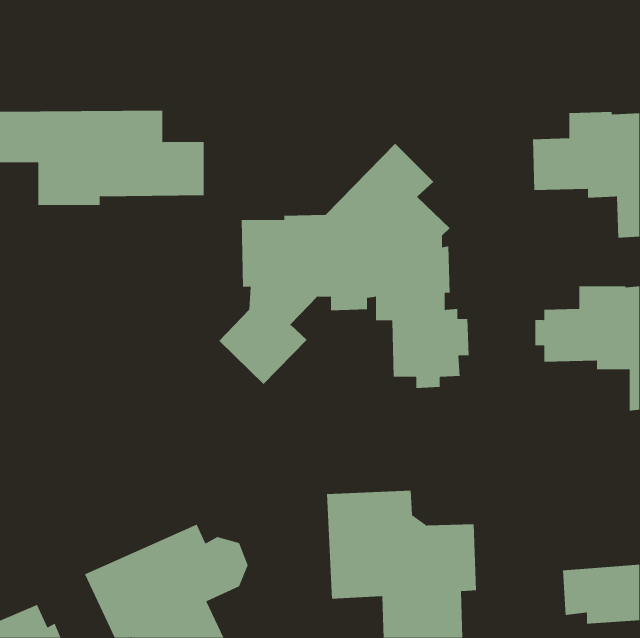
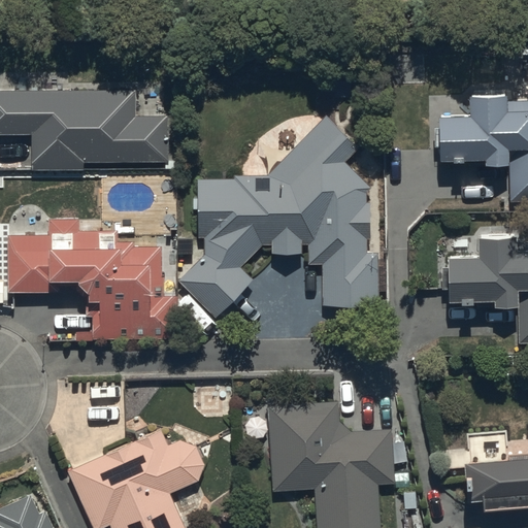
building: none -> [8,220,177,340]

